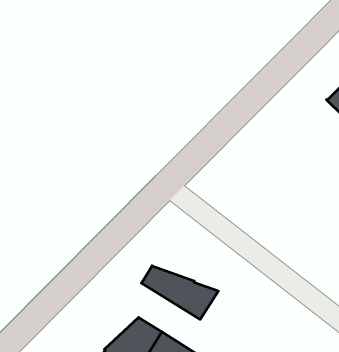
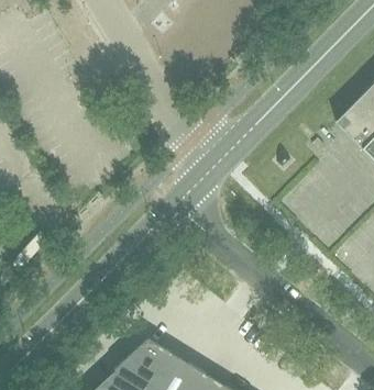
building: [141,266,218,319] -> none

